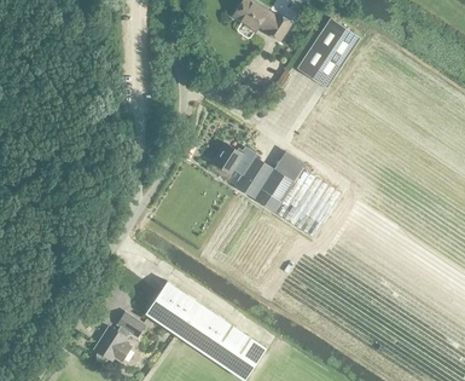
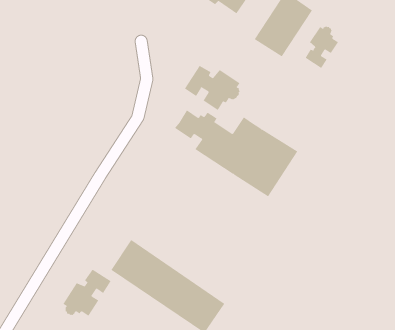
building: none -> [305,26,339,69]
building: none -> [184,65,240,111]

